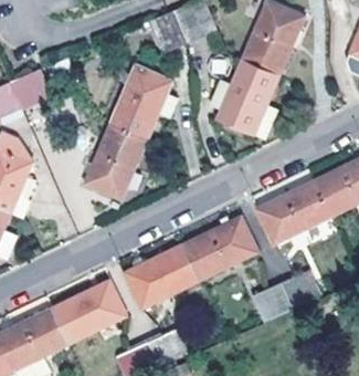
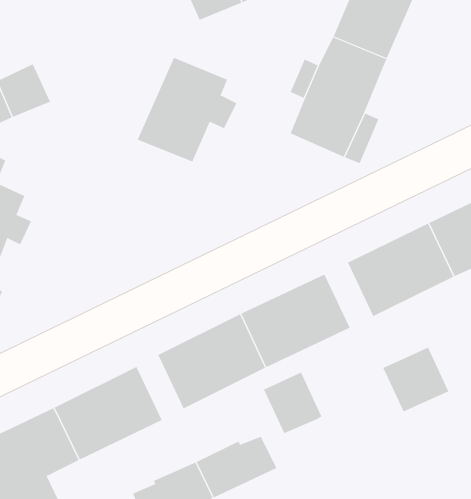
building: [84,123,148,199] -> none
building: [253,281,294,324] -> [263,372,322,434]

